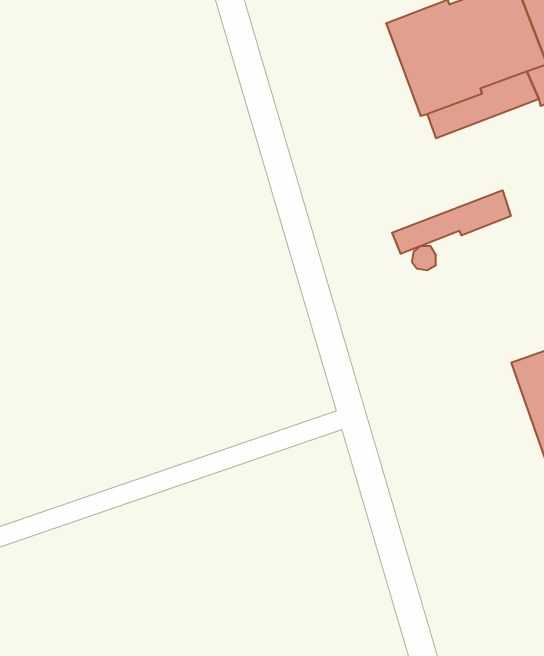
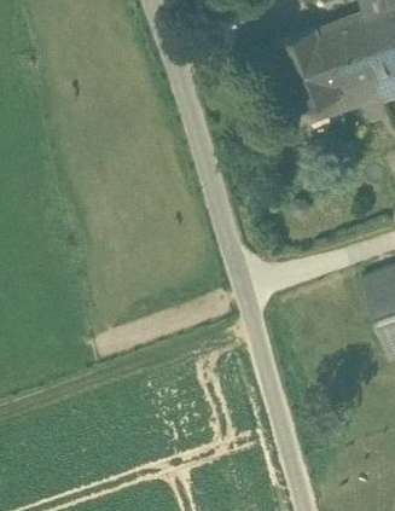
building: [392,190,511,254] -> none

